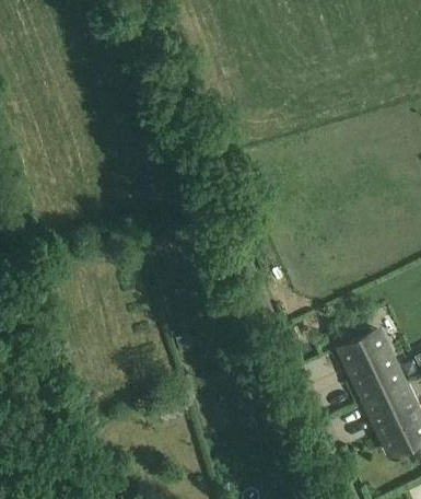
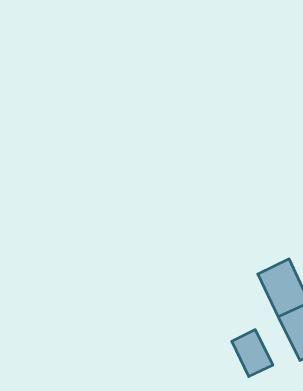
building: none -> [232,330,273,377]

